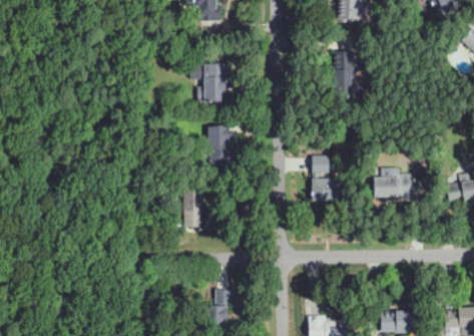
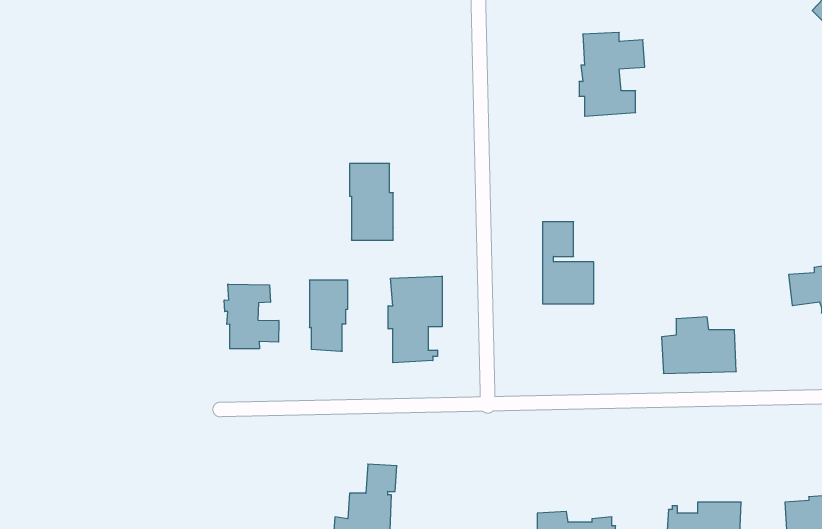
building: [190,63,227,101] -> none
building: [374,166,415,198] -> [662,317,736,373]
building: none -> [388,276,442,363]
building: none -> [224,284,279,349]

